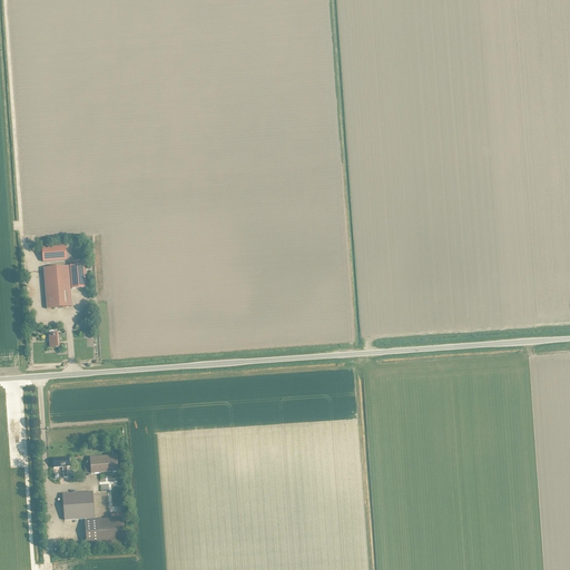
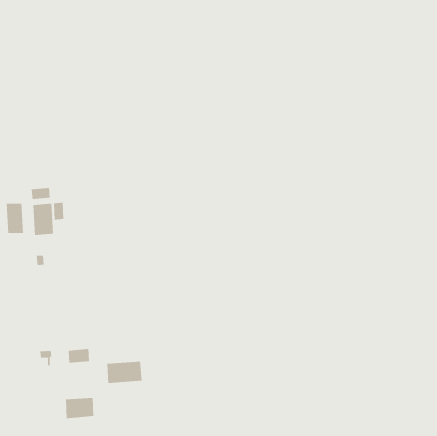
building: none -> [6,203,24,234]
building: [61,489,108,518] -> [107,361,143,383]

